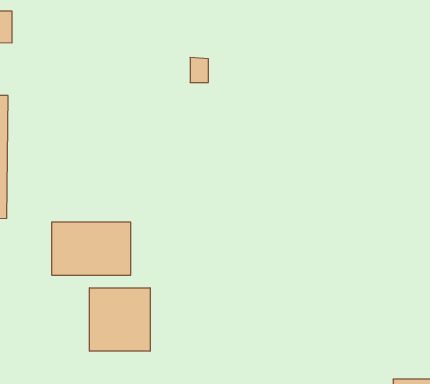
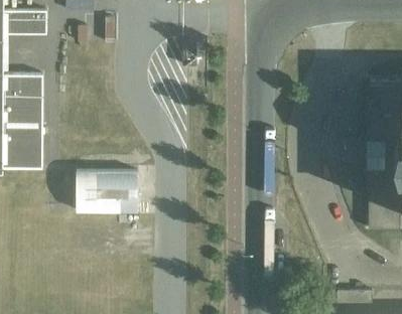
building: [90,288,150,351] -> none

